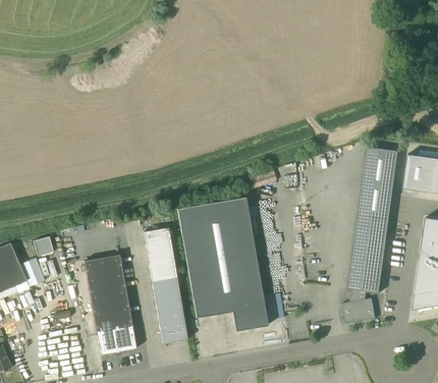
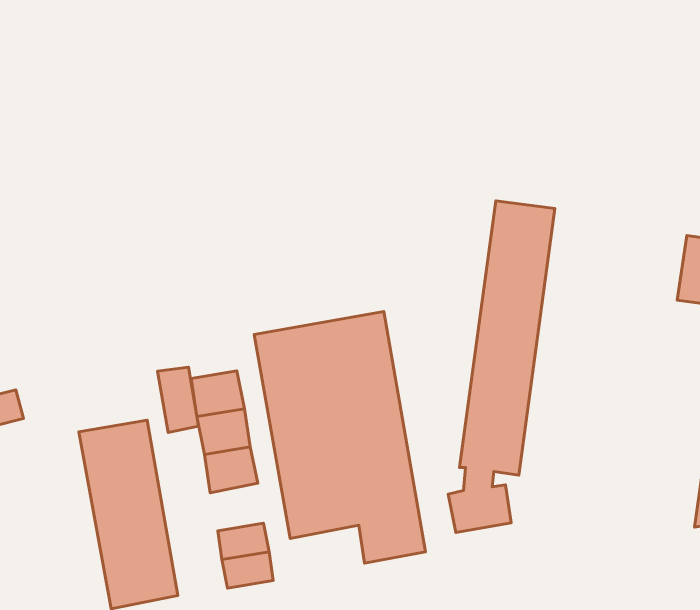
building: [341,146,398,323] -> [448,201,555,532]
building: none -> [157,367,199,432]
building: [153,287,181,313] -> none

